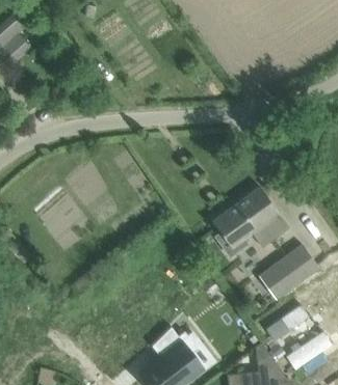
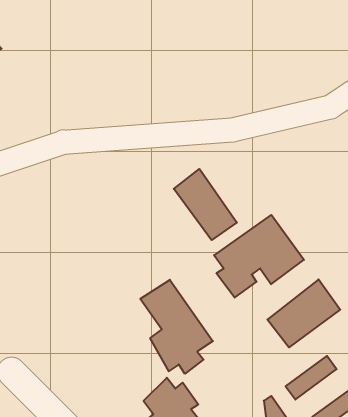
building: none -> [174,169,237,240]
building: none -> [140,280,213,374]

